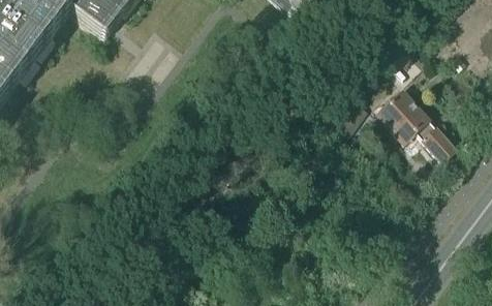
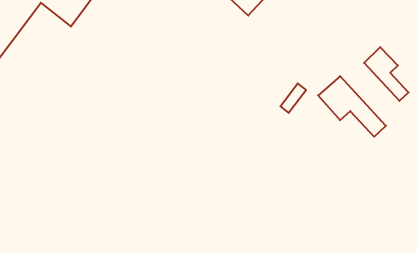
building: none -> [364,47,409,101]

